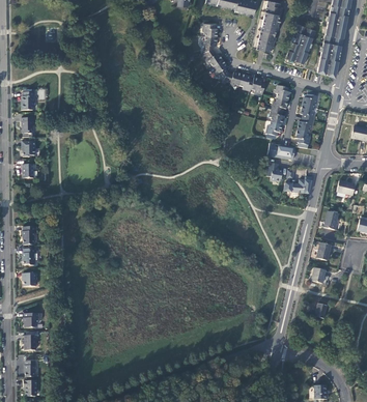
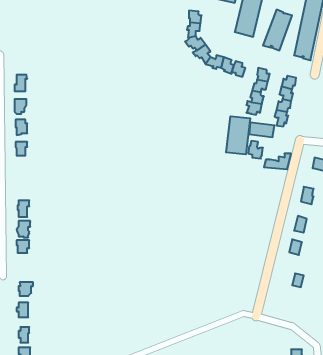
building: none -> [226,116,250,154]

